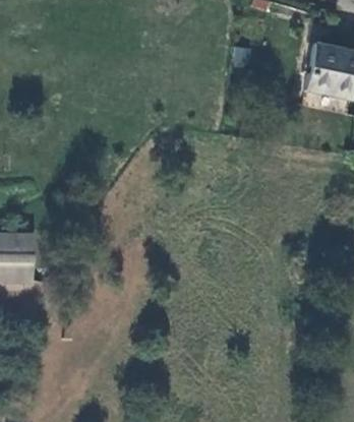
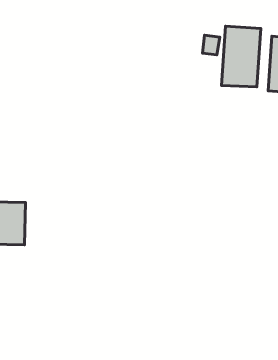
building: none -> [222,26,261,87]

